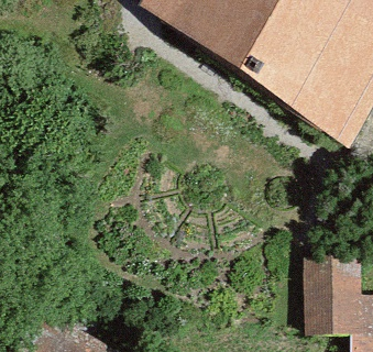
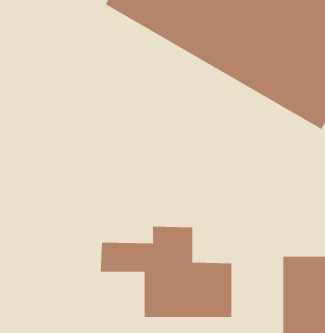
building: none -> [100,226,232,318]

